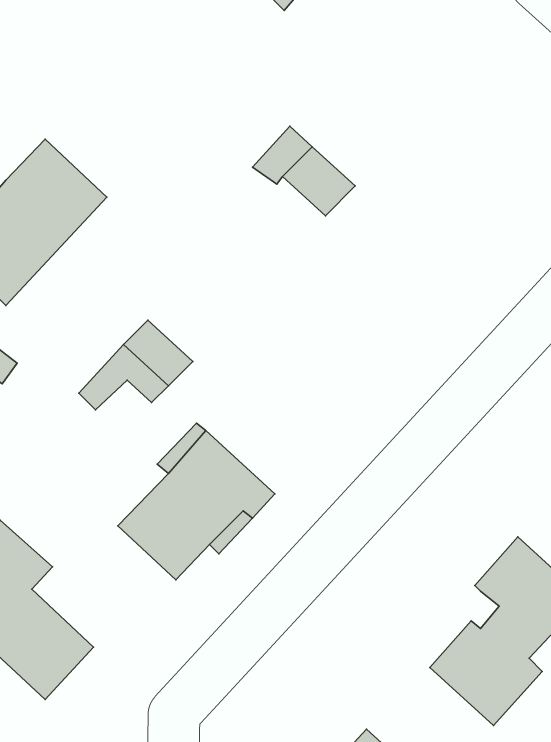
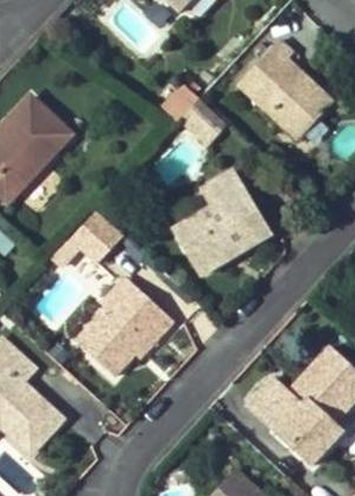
building: none -> [240,40,334,140]
building: none -> [175,172,271,272]
building: none -> [249,379,318,430]

